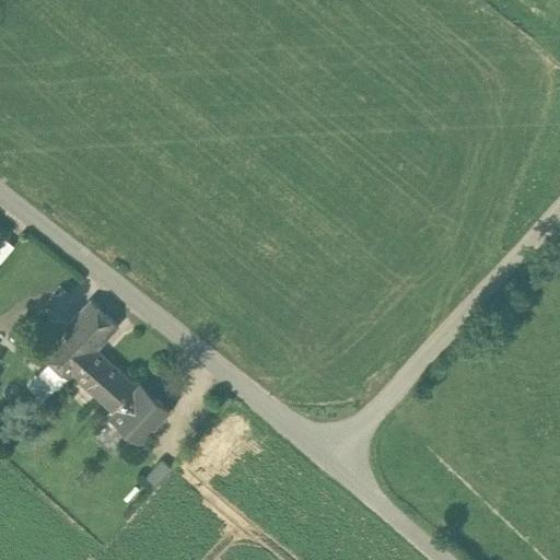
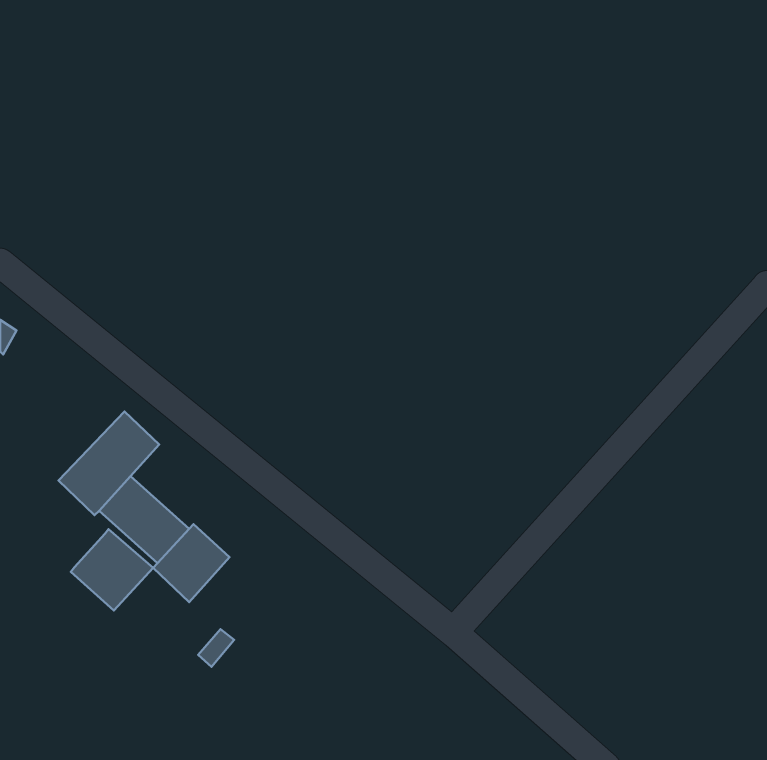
building: none -> [71,529,153,611]

